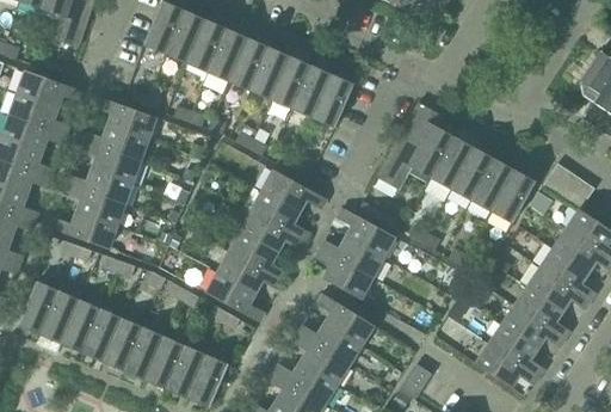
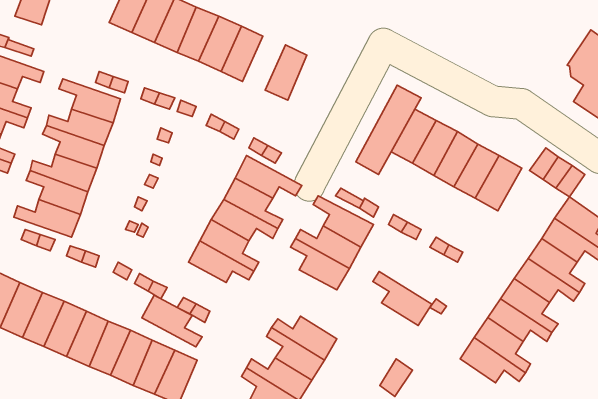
building: [270,56,310,107] -> none
building: [313,74,353,127] -> none
building: [206,271,264,320] -> [142,295,202,347]
building: [316,293,372,344] -> [373,272,432,326]

